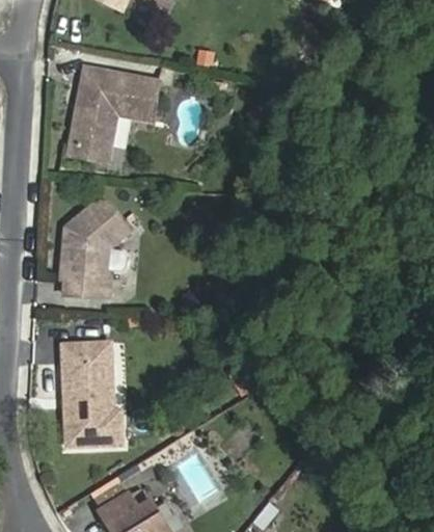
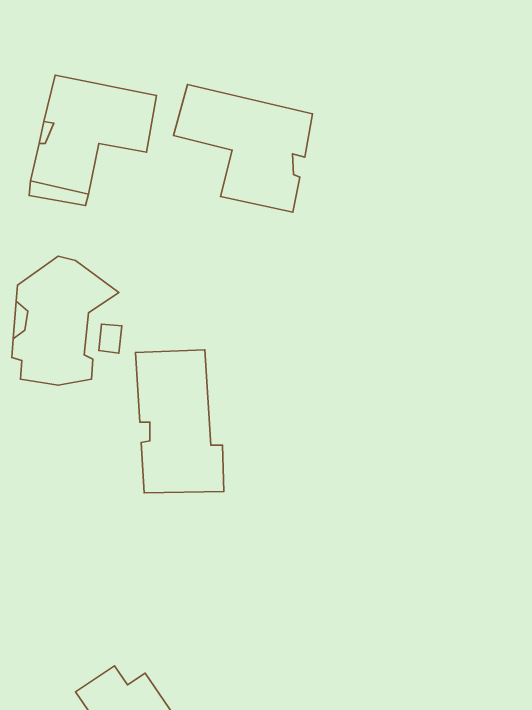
building: none -> [173,84,313,212]
building: [62,342,126,445] -> [136,350,224,493]

